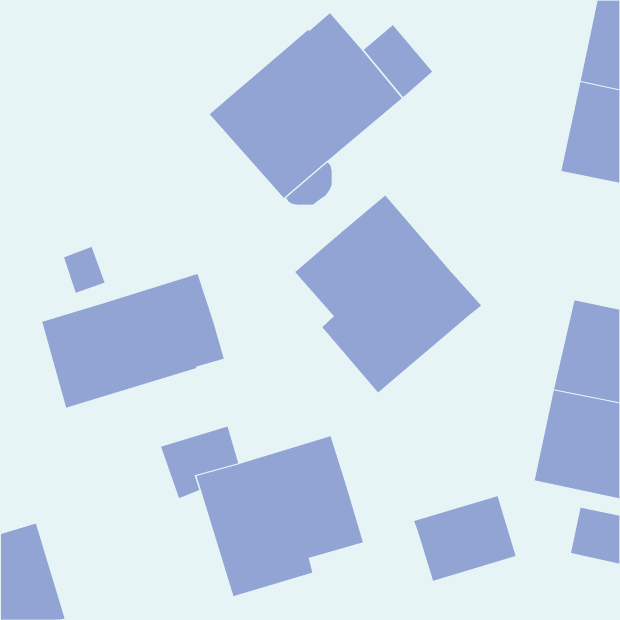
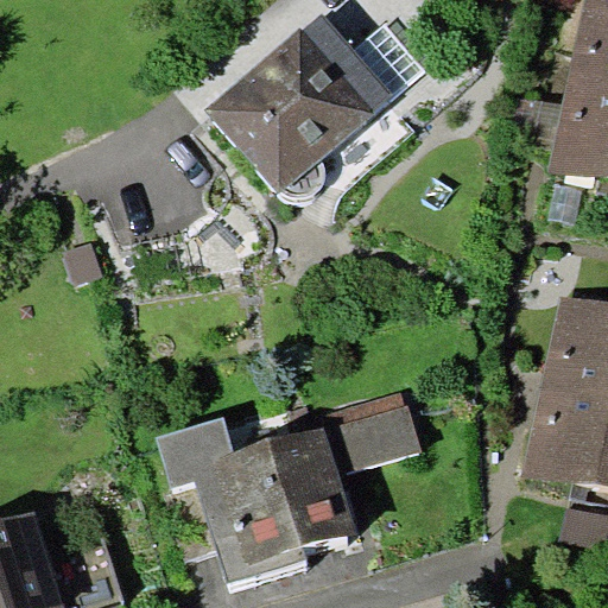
building: [294,194,482,394] -> none
building: [42,273,225,408] -> none
building: [413,495,516,581] -> [321,392,422,476]

